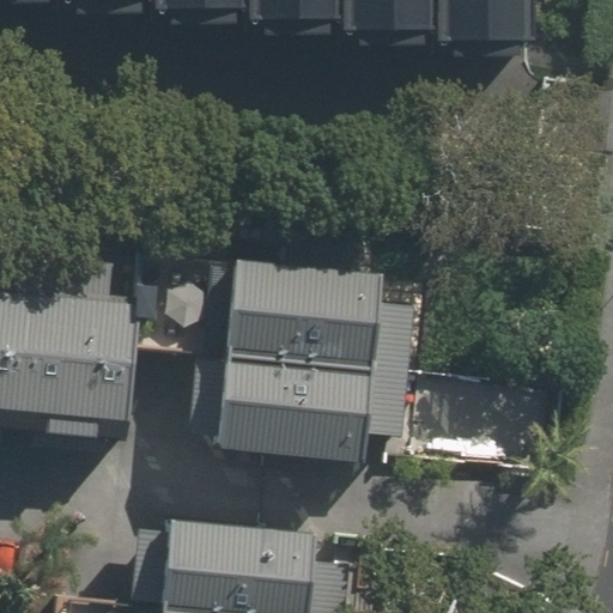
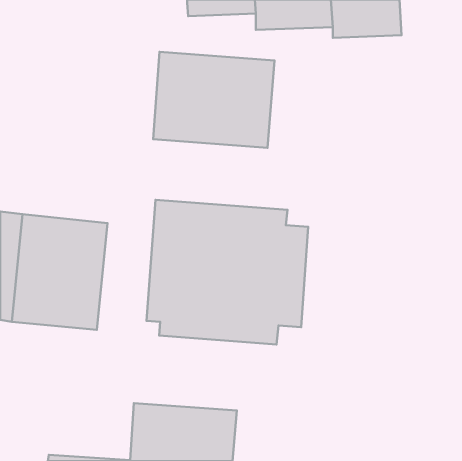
building: none -> [153,52,274,148]

